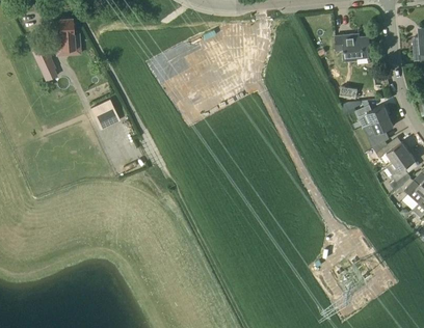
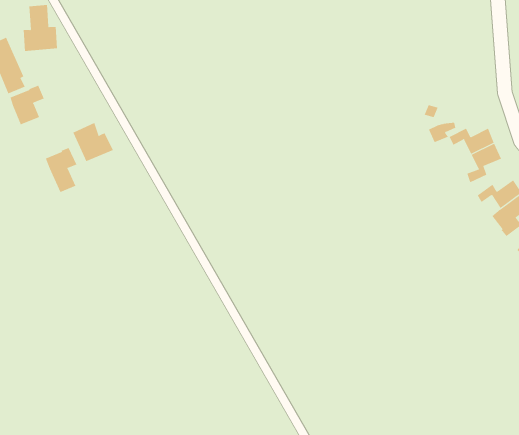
building: [342,34,370,62] -> none
building: none -> [10,85,45,125]
building: none -> [45,147,77,193]

